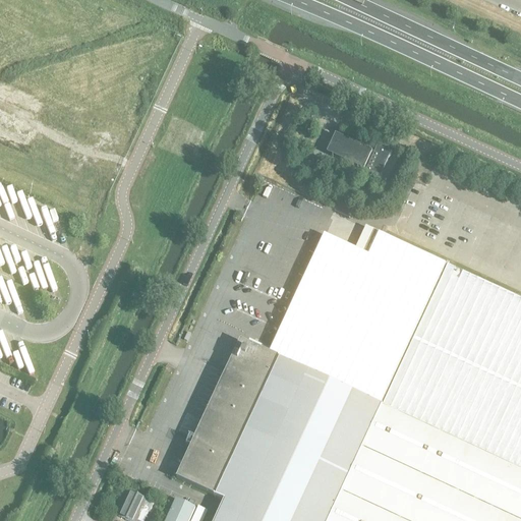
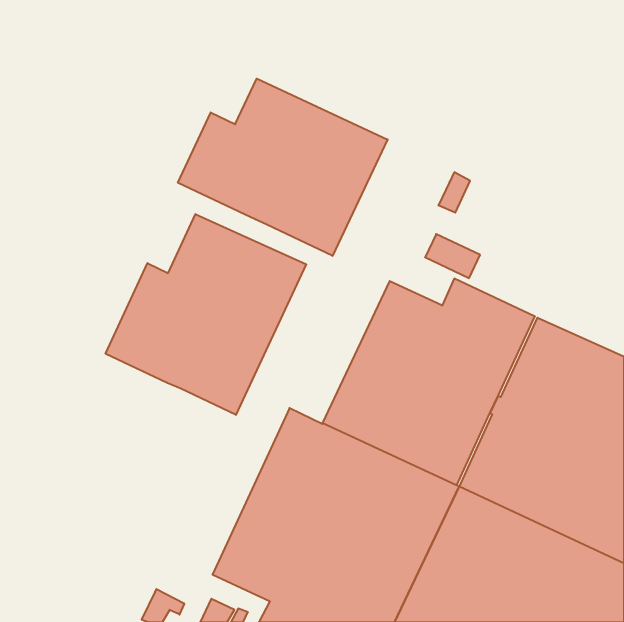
building: none -> [178,79,388,256]
building: [327,133,372,170] -> [425,234,480,278]
building: none -> [106,214,306,415]

